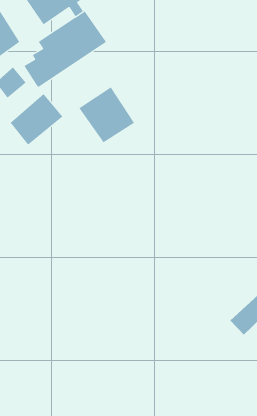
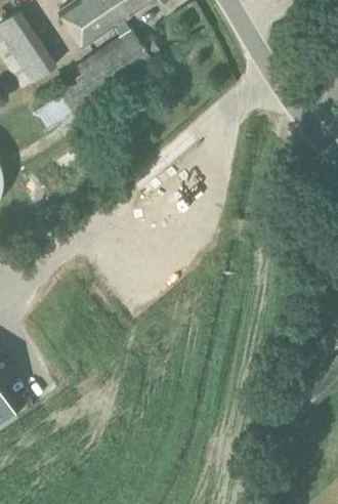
building: [78,86,135,143] -> none
building: [10,93,63,146] -> none

